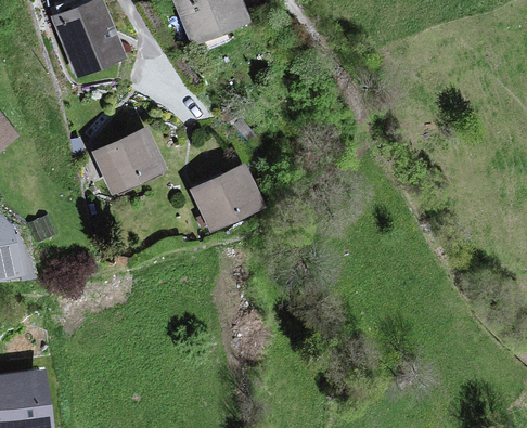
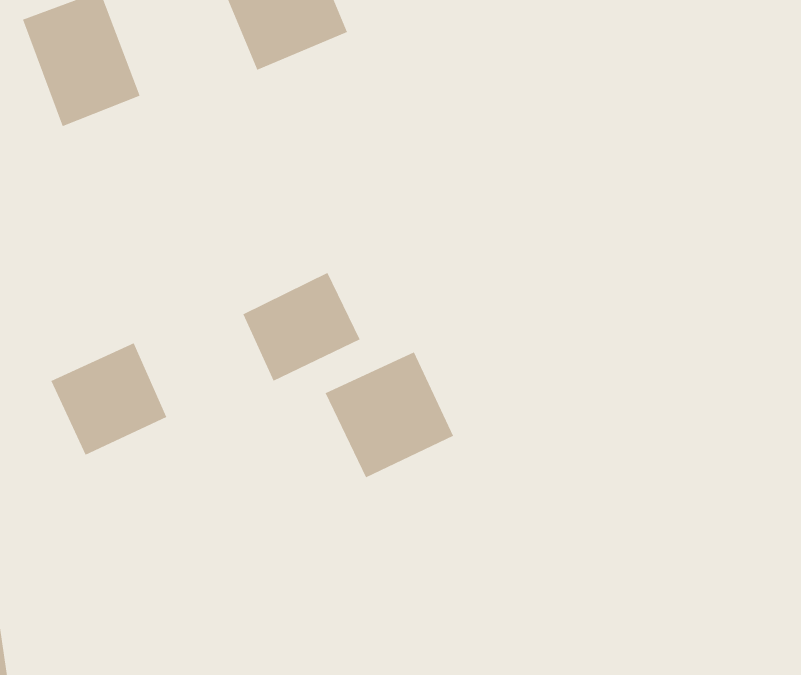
building: [92,128,162,195] -> [51,343,167,455]
building: none -> [325,352,454,478]

